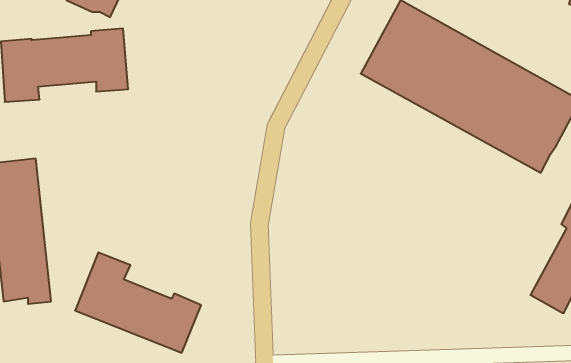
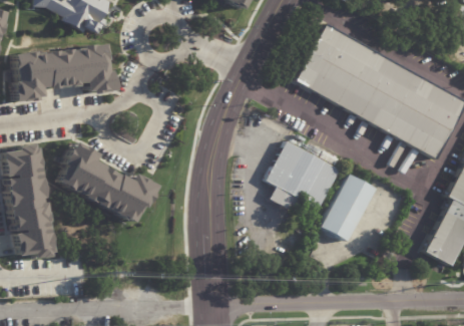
building: none -> [266,141,339,212]
building: none -> [320,174,375,240]
building: [75,252,201,353] -> [53,141,151,220]

